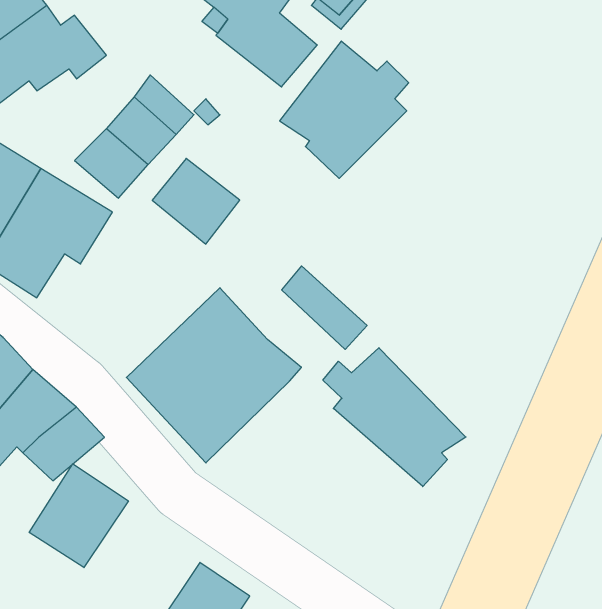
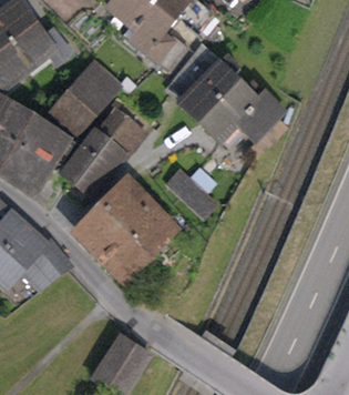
building: none -> [198,80,281,144]
building: none -> [64,132,124,194]
building: [323,348,466,487] -> none
building: [29,464,128,568] -> none

